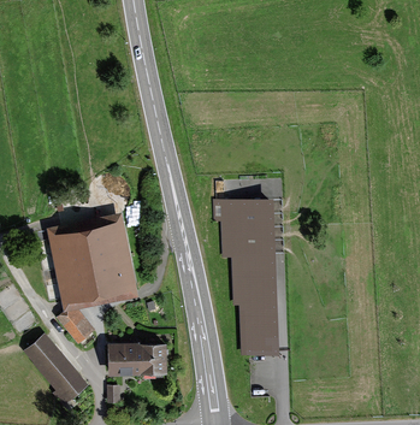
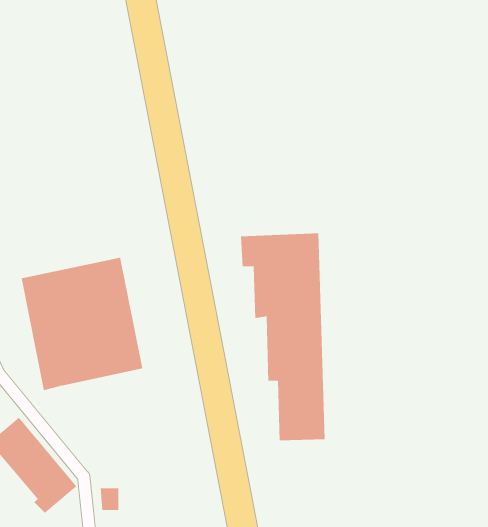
building: [58,311,96,346] -> none
building: [108,343,170,379] -> none

